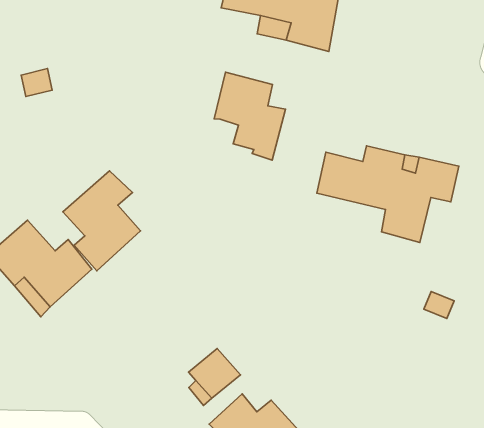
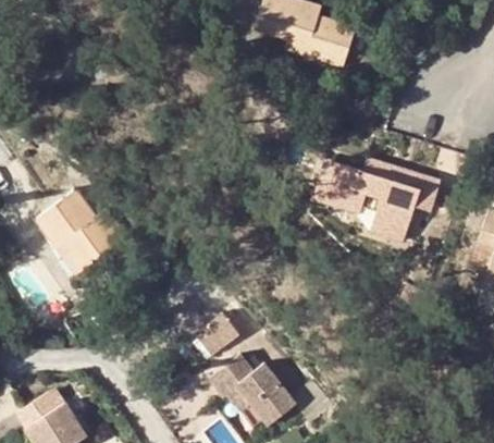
building: [214,72,286,160] -> none
building: [63,171,141,271] -> none

